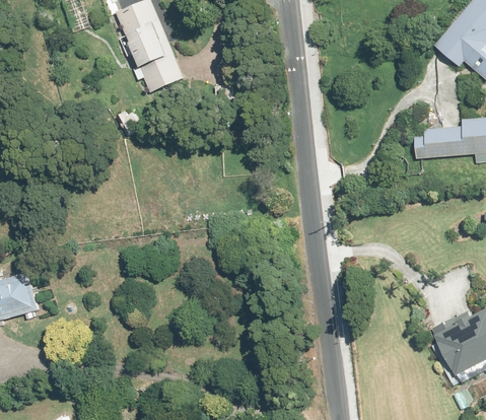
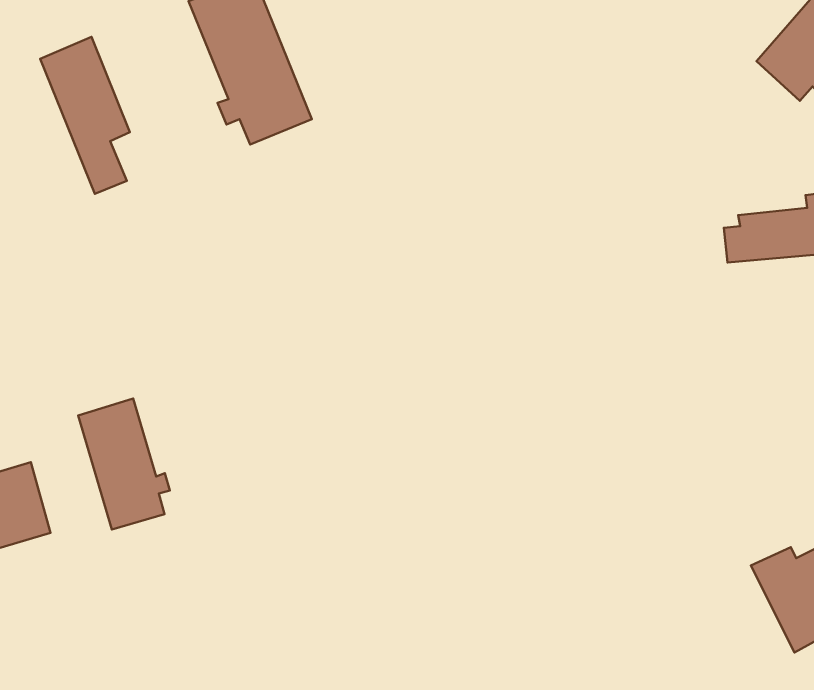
building: none -> [40,37,130,194]
building: none -> [78,398,170,529]

